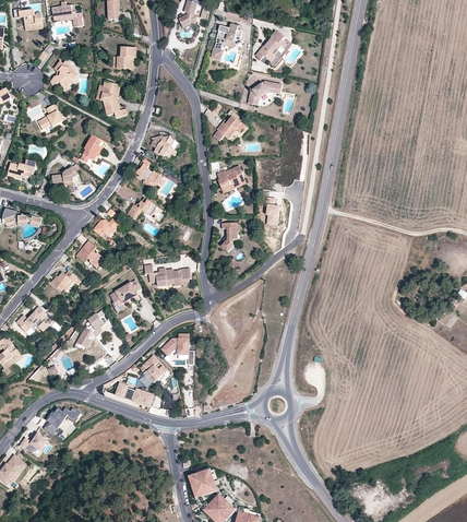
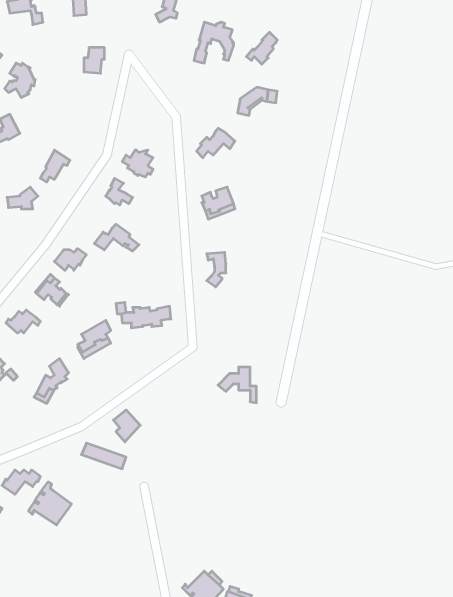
building: [99,80,127,117] -> none
building: [160,334,193,365] -> [218,367,256,403]
building: none -> [29,482,71,525]
building: [188,468,217,505] -> none

